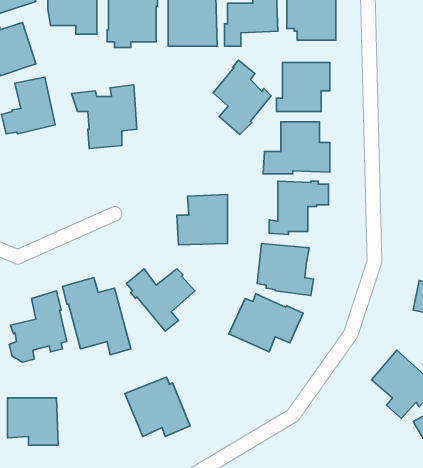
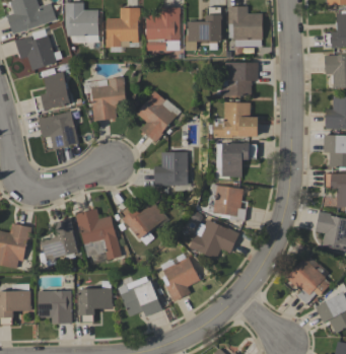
building: [213,60,271,134] -> [137,91,177,142]
building: none -> [38,112,79,149]
building: none -> [161,258,200,301]
building: none -> [78,281,113,324]

